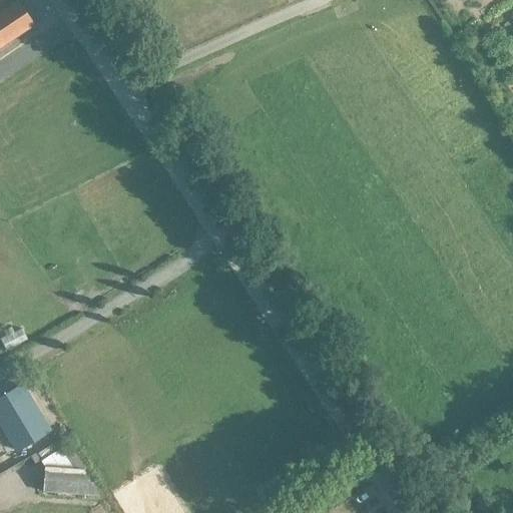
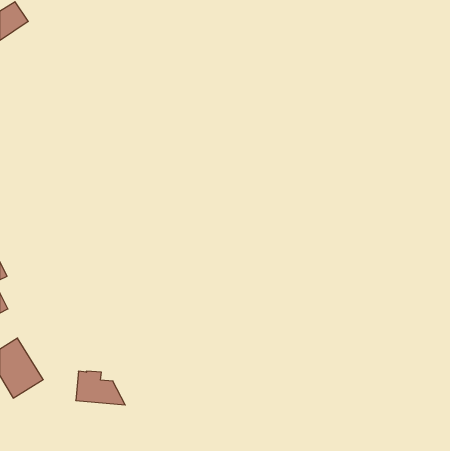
building: [42,458,98,496] -> [76,371,125,405]

